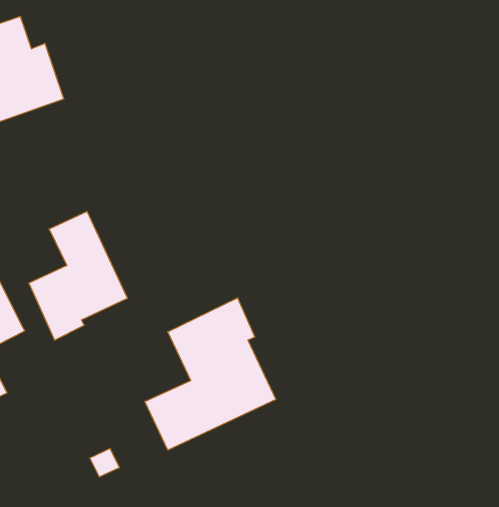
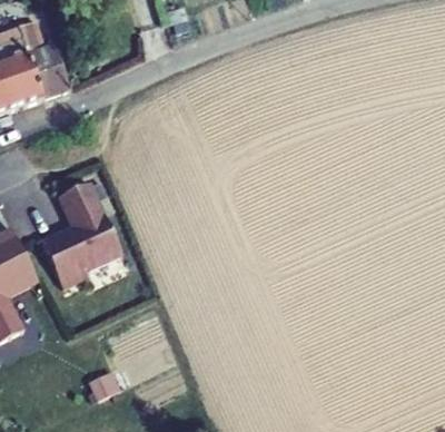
building: [145,298,276,450] -> none

